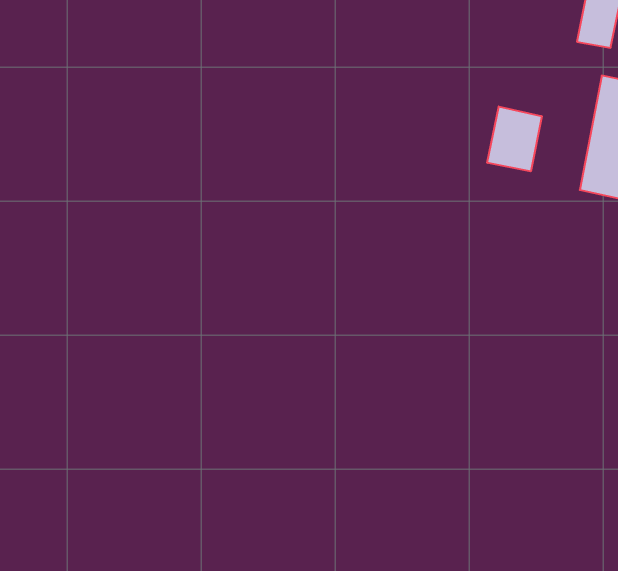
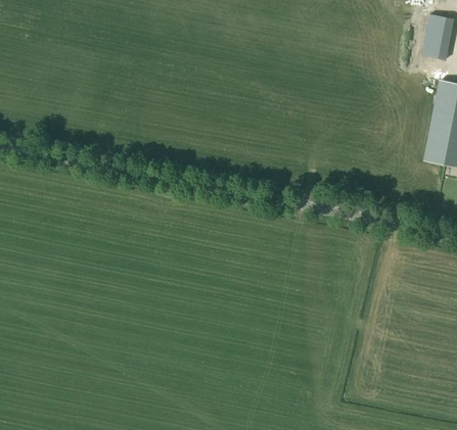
building: [487,106,542,171] -> none

